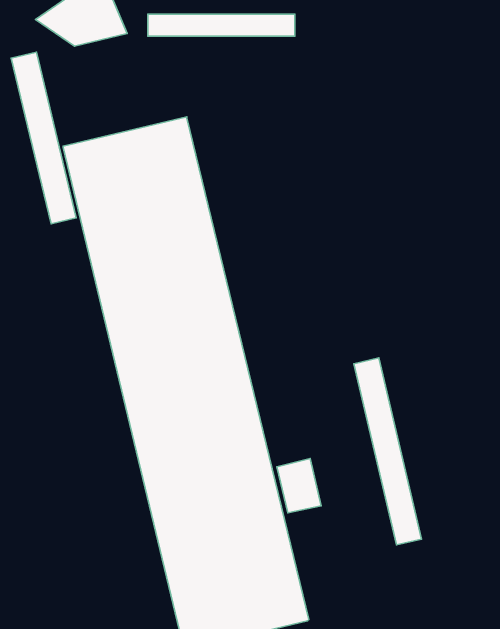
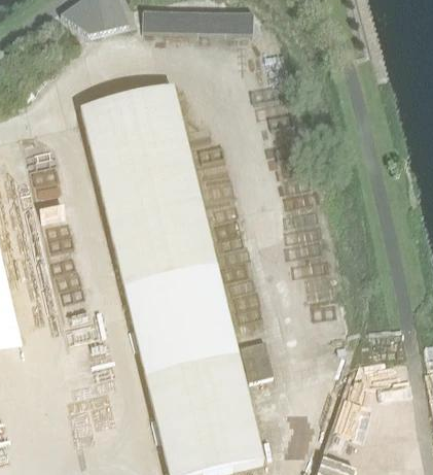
building: [11,52,76,224] -> none
building: [354,358,422,545] -> none

